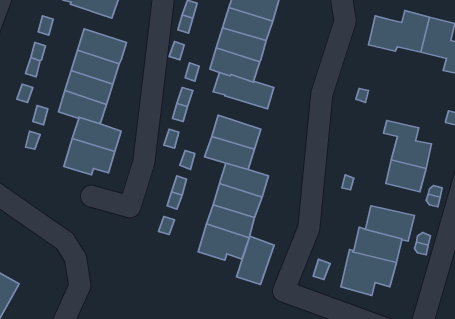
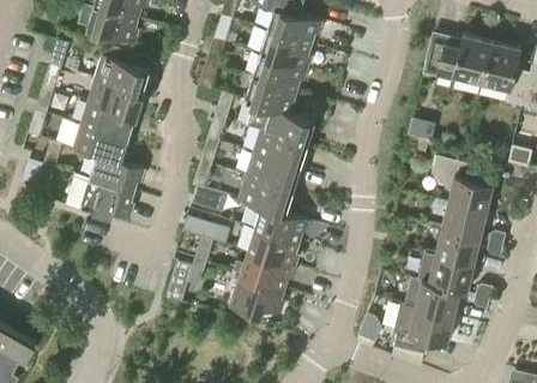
building: none -> [253,131,308,168]
building: none -> [435,229,479,265]
building: [237,236,274,285] -> none

